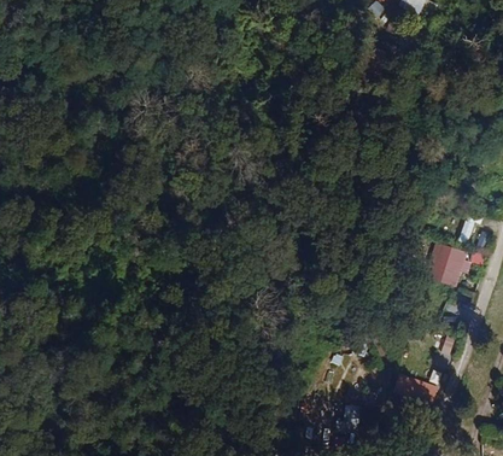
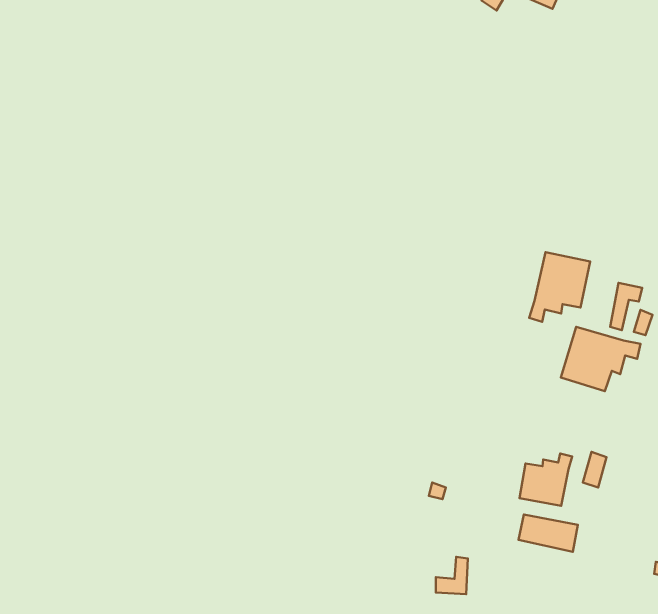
building: none -> [529,252,590,322]
building: none -> [519,453,572,506]

